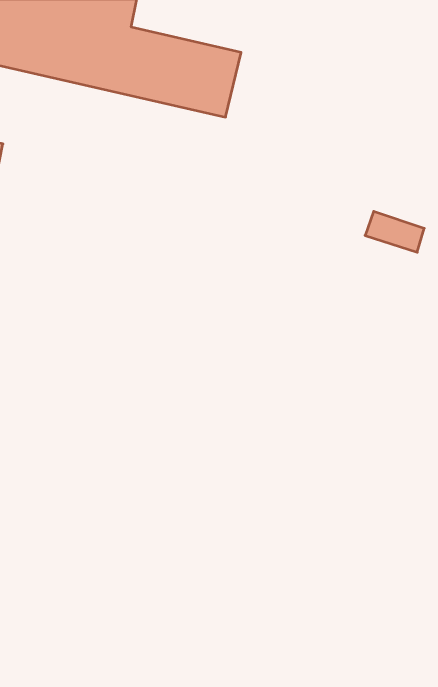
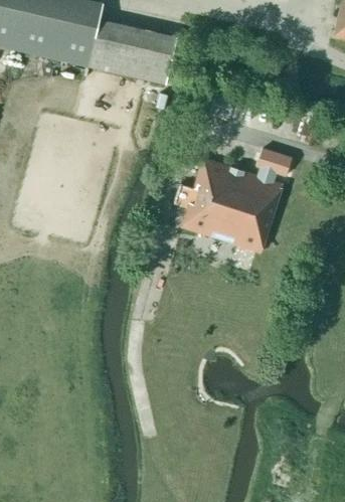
building: none -> [174,158,284,254]

